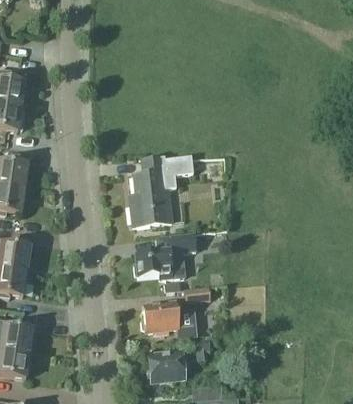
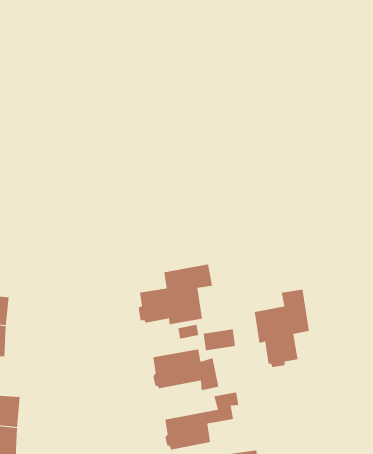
building: [129,155,192,226] -> none
building: none -> [254,289,309,368]

